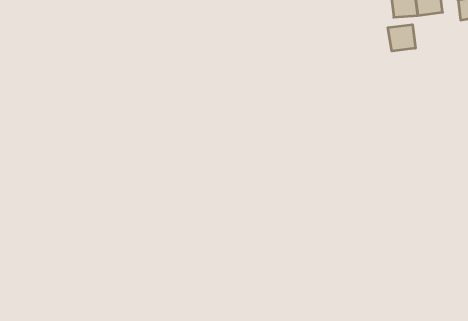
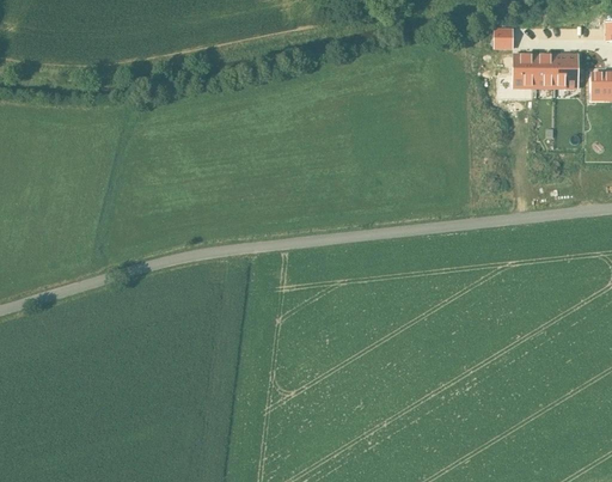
building: [388,25,415,51] -> none

